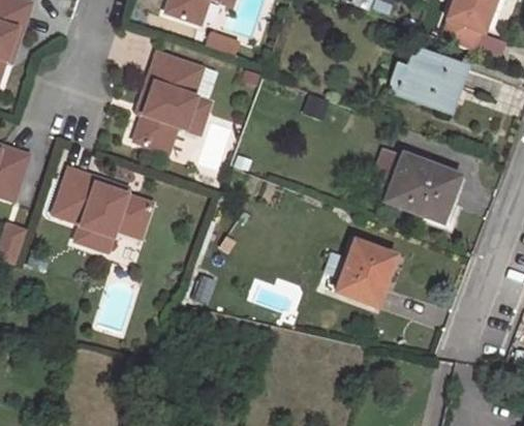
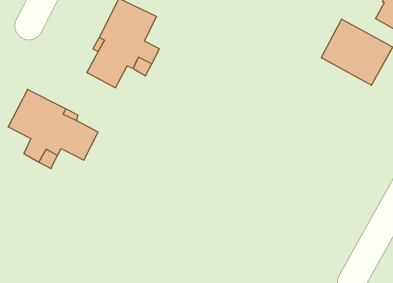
building: [387,153,460,220] -> none
building: [330,236,397,305] -> none

